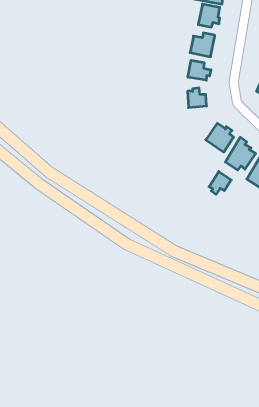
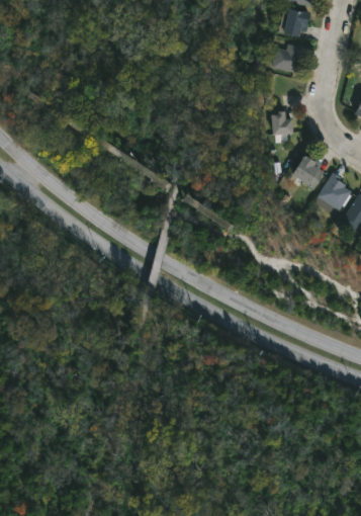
building: [188,60,211,80] -> none
building: [209,171,231,194] -> none

